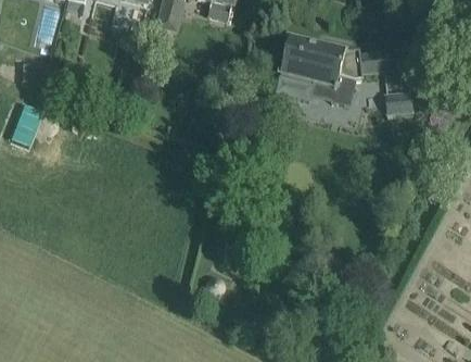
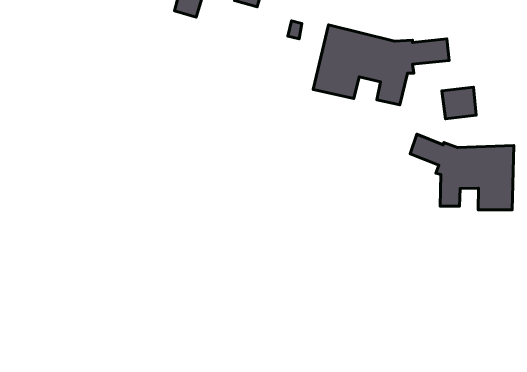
building: none -> [410,134,514,210]

